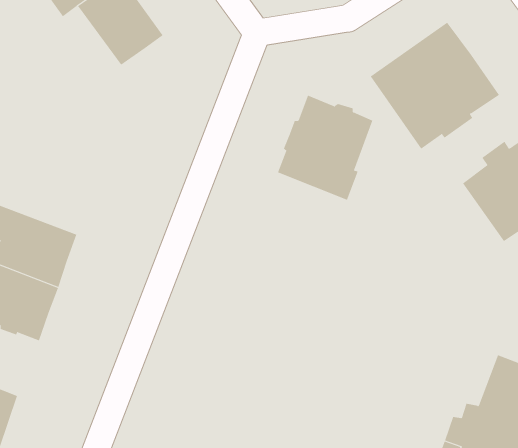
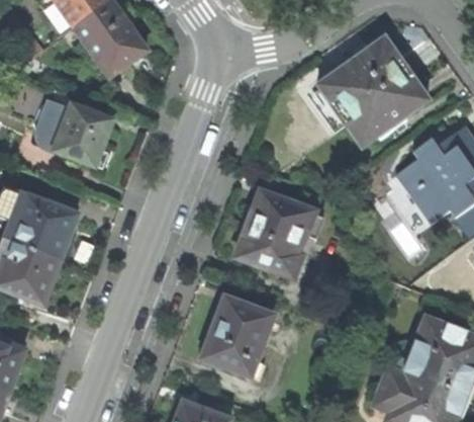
building: none -> [33,86,112,166]
building: [277,95,373,201] -> [234,190,314,278]
building: none -> [202,297,272,375]

